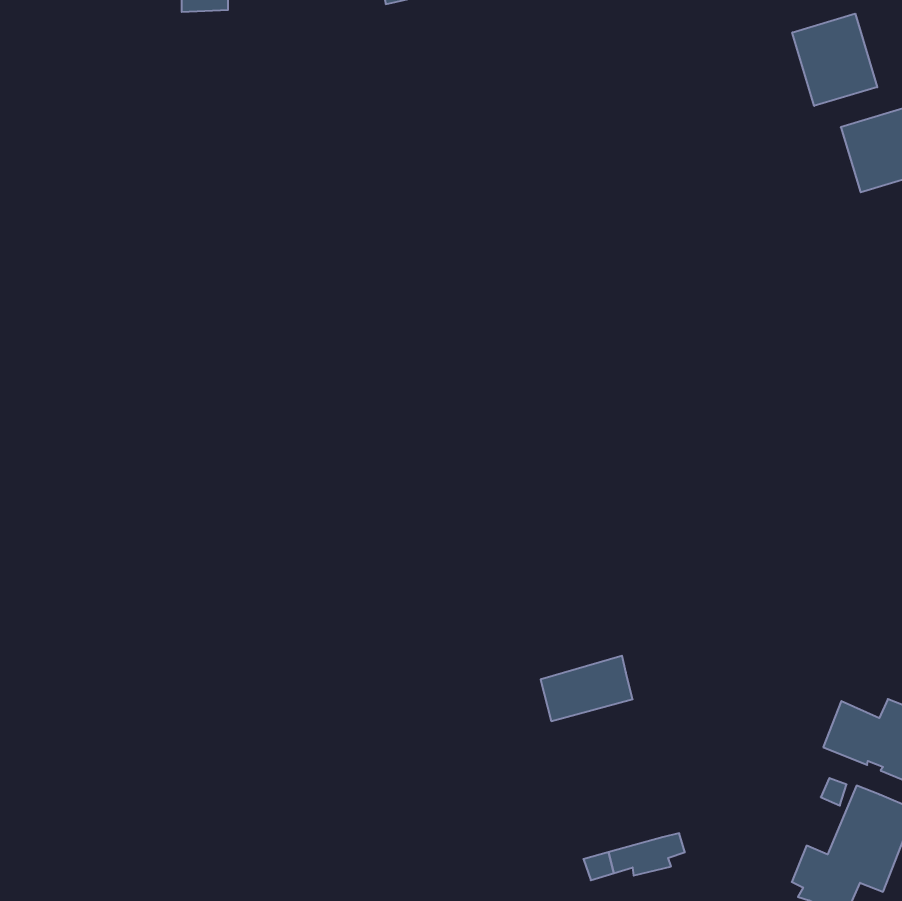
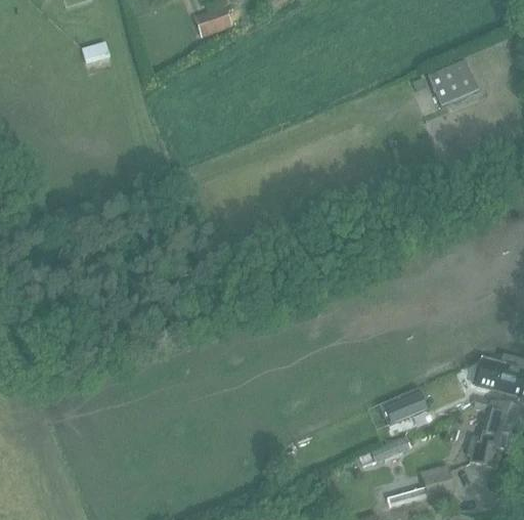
building: [792,14,877,106] -> none
building: [541,656,633,721] -> [374,389,422,427]

